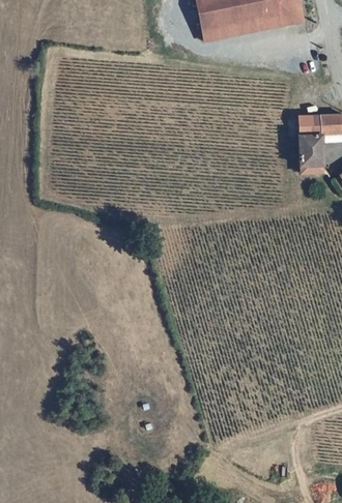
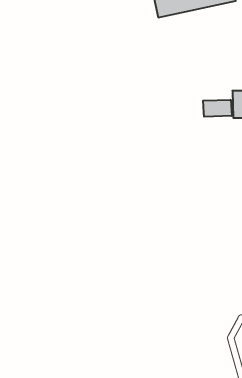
building: none -> [203,100,232,117]

